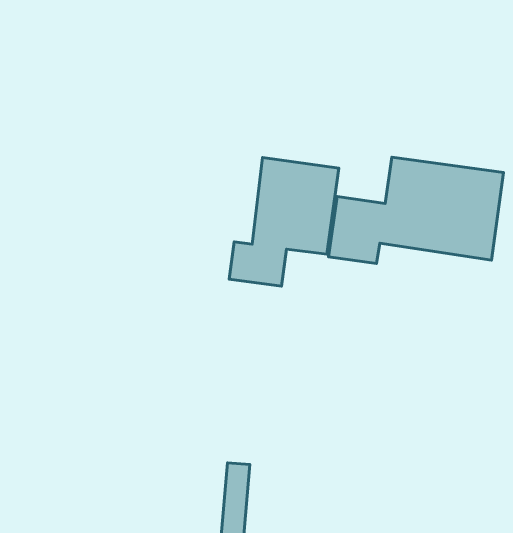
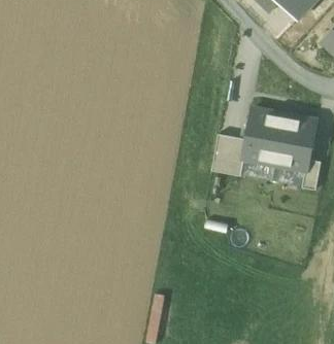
building: [229,158,339,286] -> none

